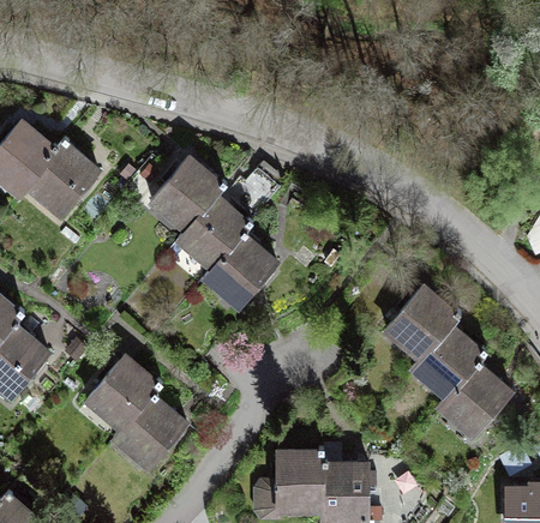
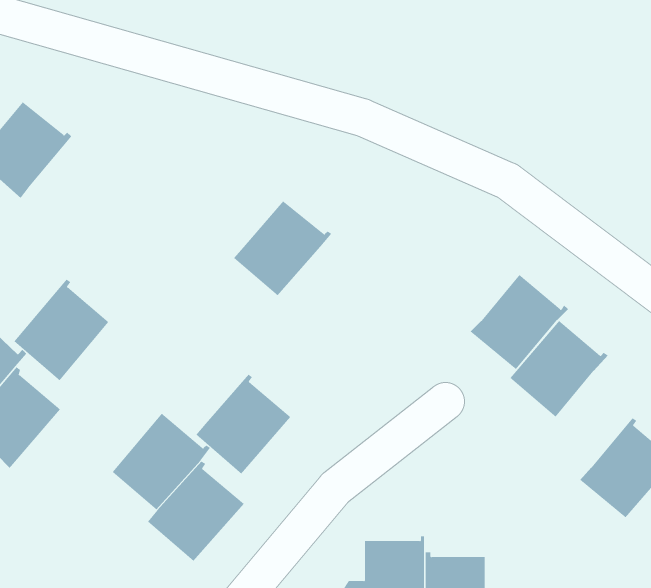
building: [26,140,98,217] -> [14,279,109,381]
building: [152,160,227,233] -> none
building: [205,233,277,308] -> [195,374,291,475]
building: [413,326,487,398] -> [470,274,569,370]

